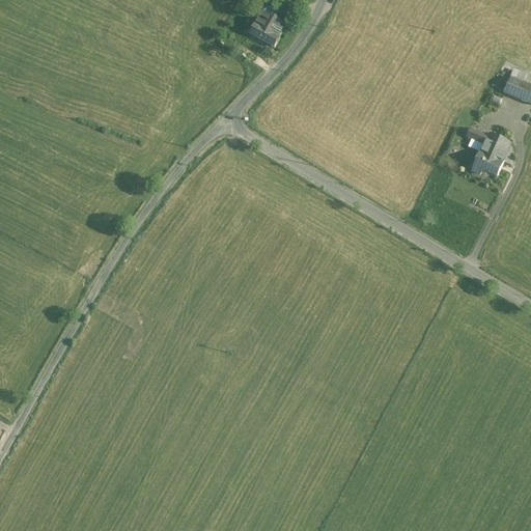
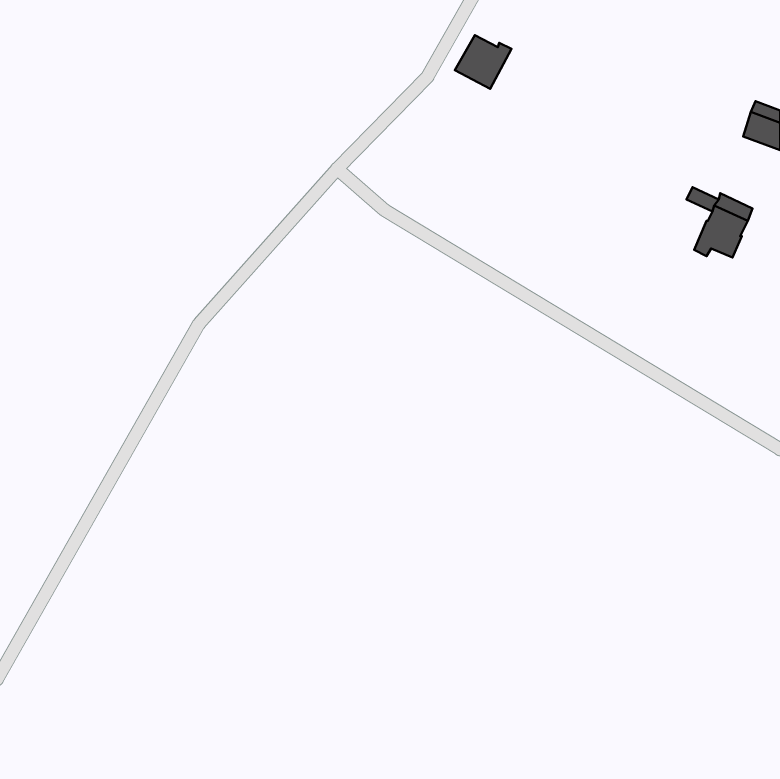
building: [250,9,288,46] -> [455,35,512,89]

